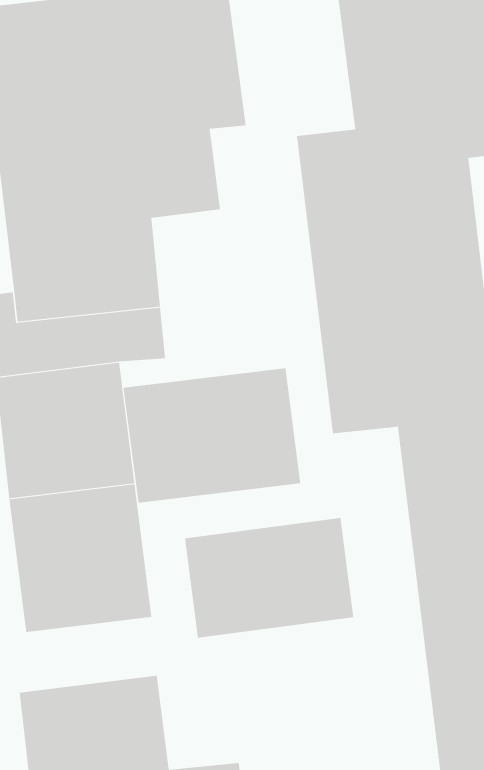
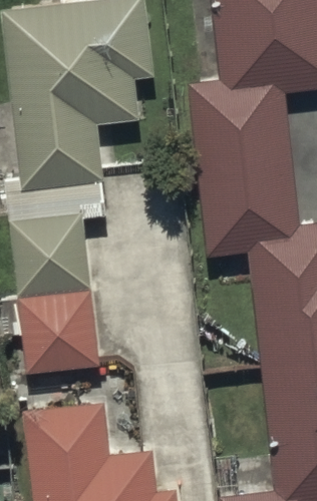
building: [123,367,301,504] -> none
building: [185,517,354,639] -> none

